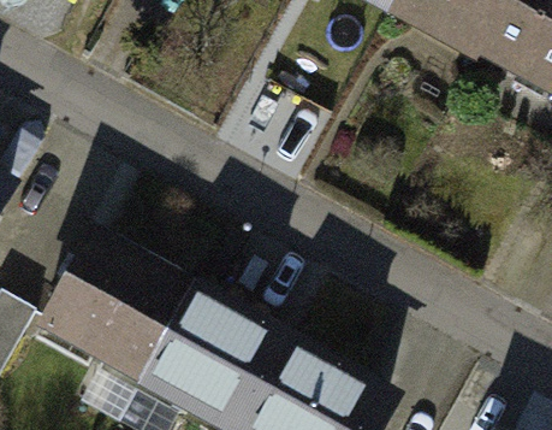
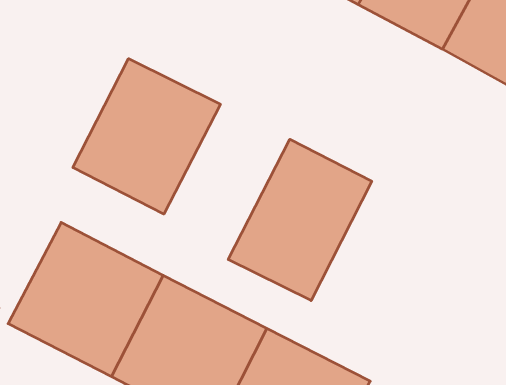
building: none -> [73,59,220,214]
building: none -> [228,139,372,301]

